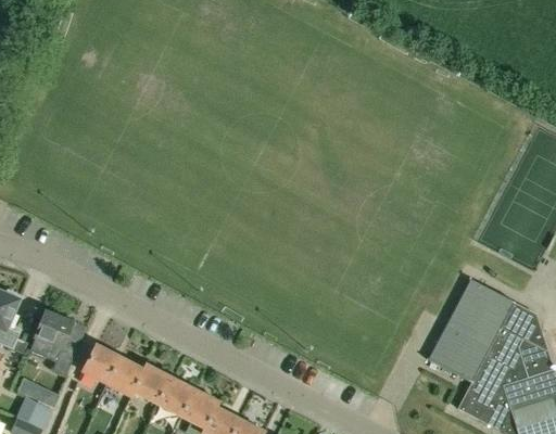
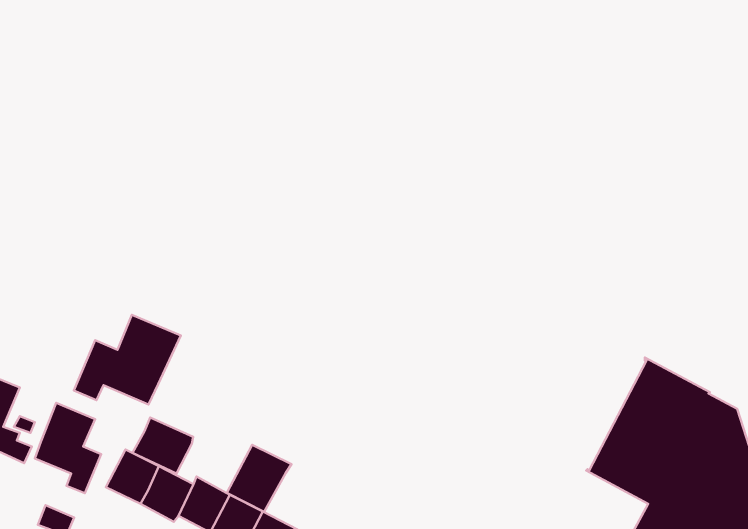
building: none -> [74,315,181,405]
building: none -> [132,417,193,474]
building: none -> [227,445,292,512]

